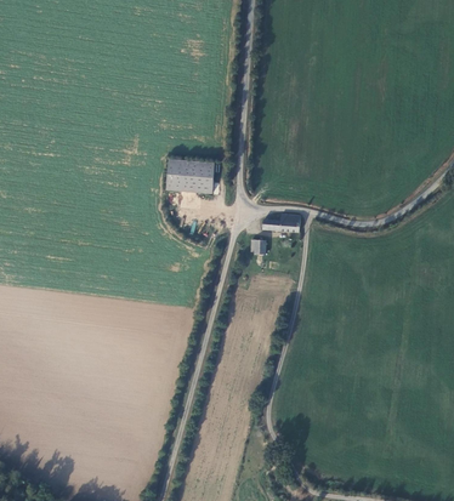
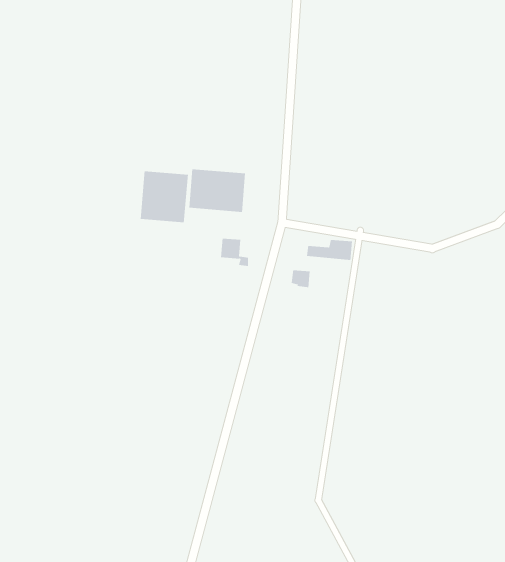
building: none -> [140,171,189,223]

